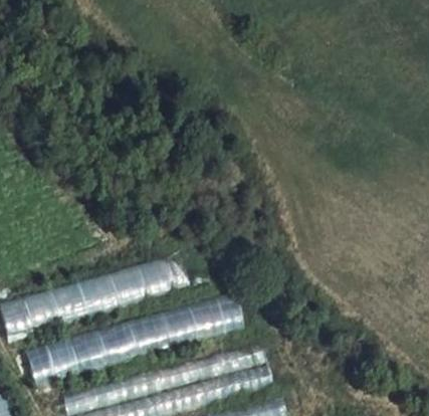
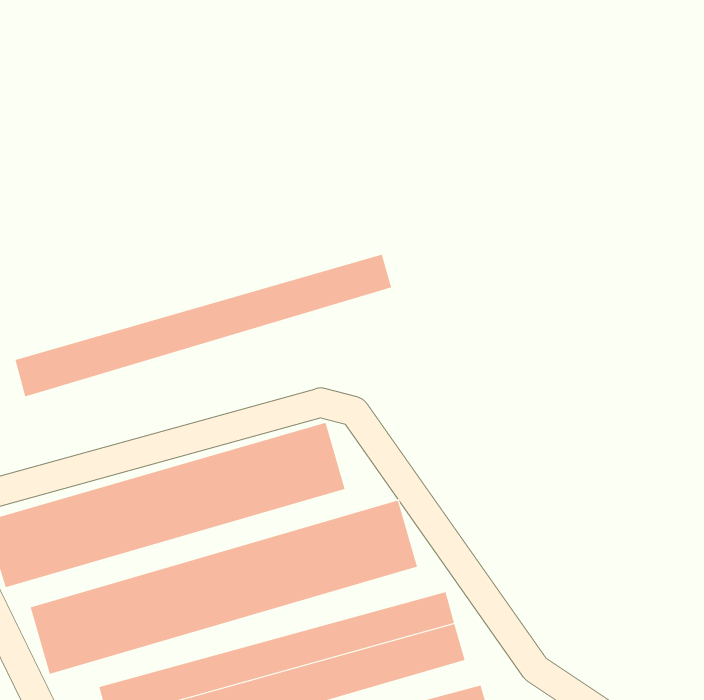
building: none -> [15,254,392,397]

